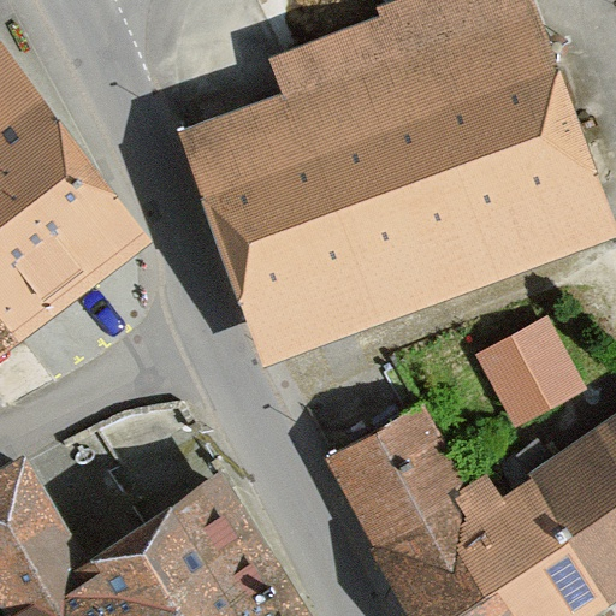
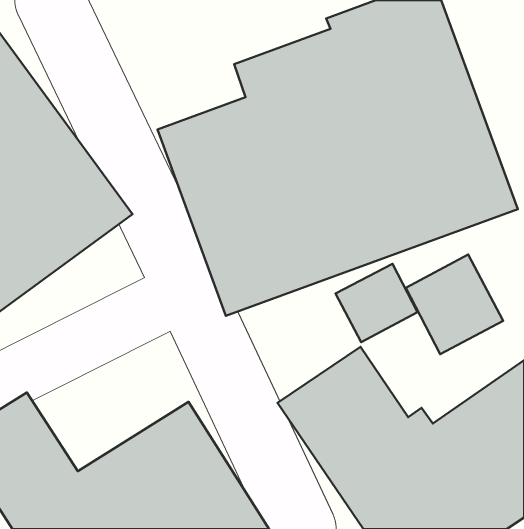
building: none -> [335,264,418,342]

